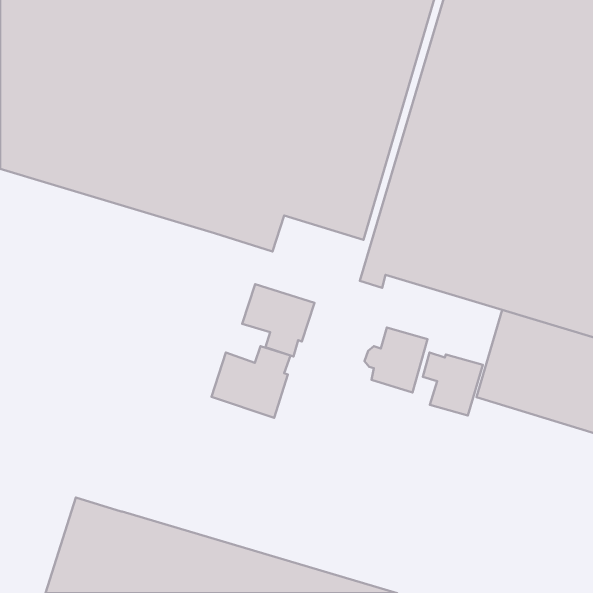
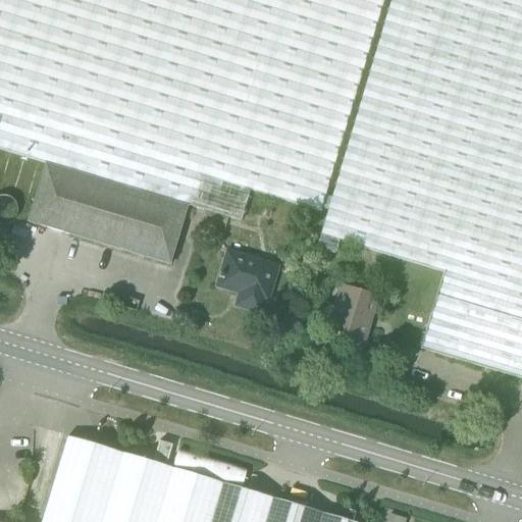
building: none -> [29,161,190,263]
building: [211,346,290,418] -> none
building: [423,353,483,416] -> none

